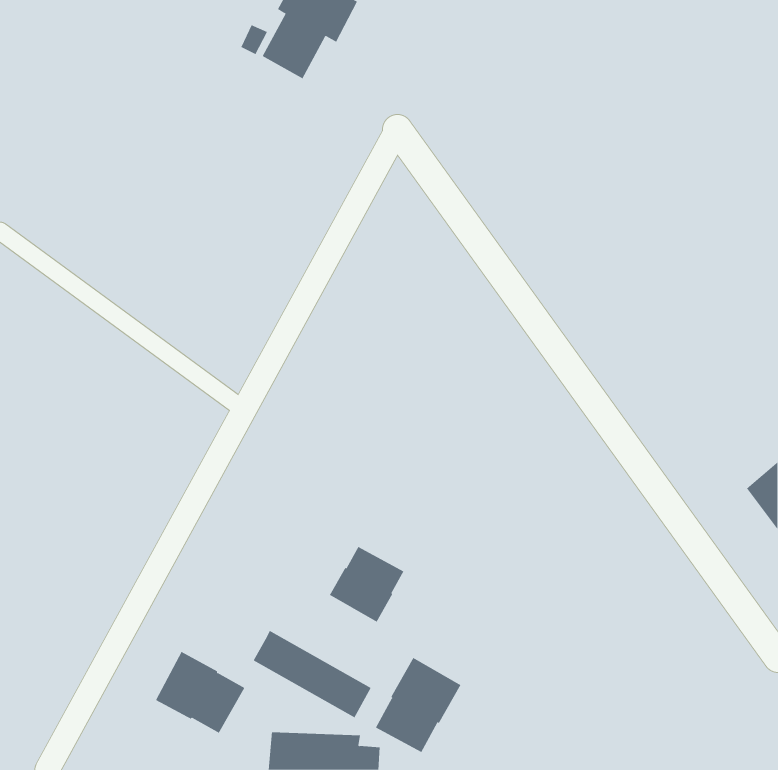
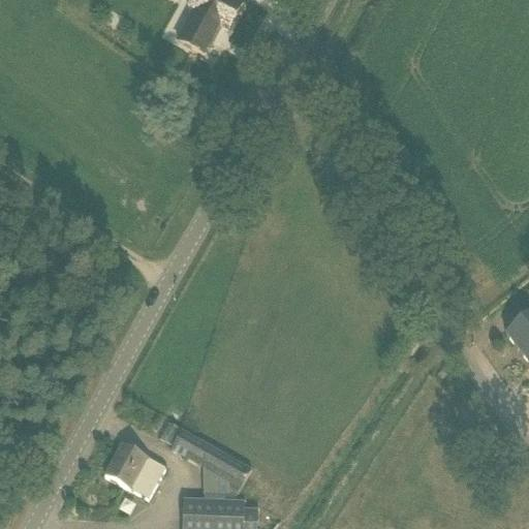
building: [329,546,404,623] -> none
building: [375,657,461,753] -> none

